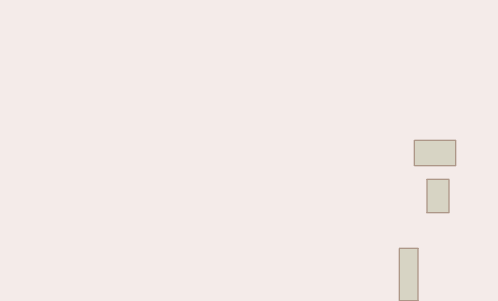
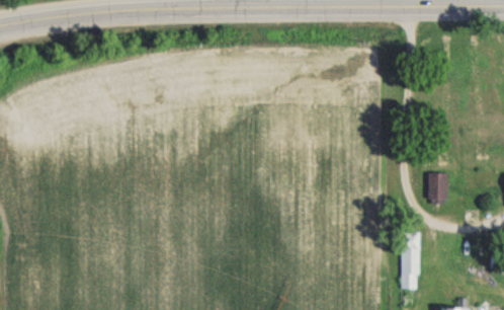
building: [415,140,456,166] -> none

